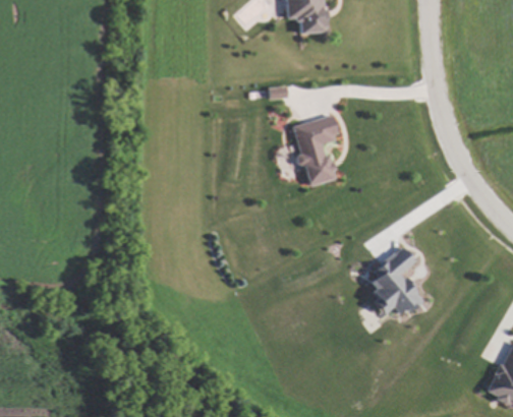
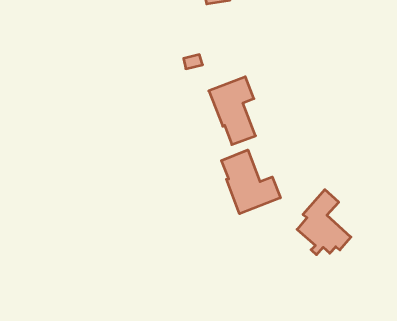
building: none -> [221,150,280,214]

